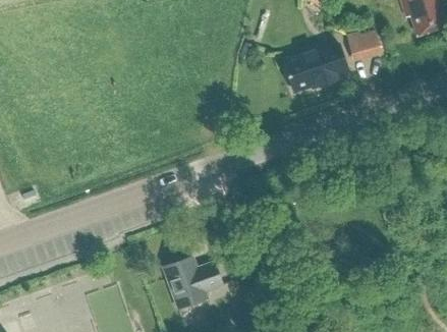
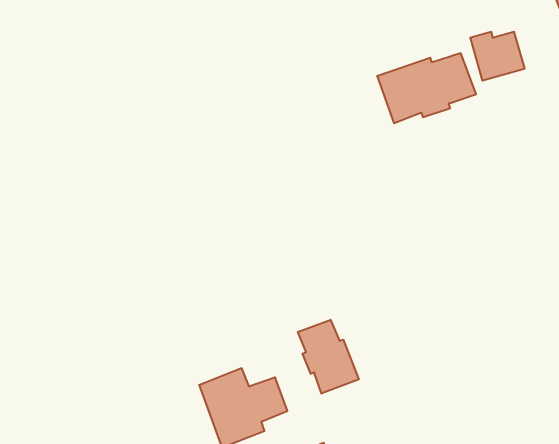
building: none -> [298,320,359,394]

